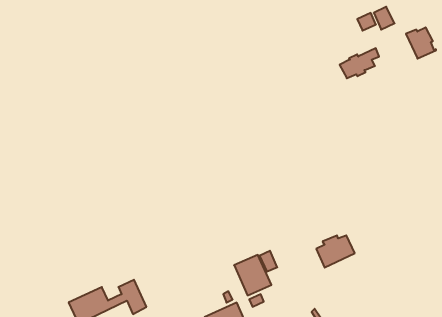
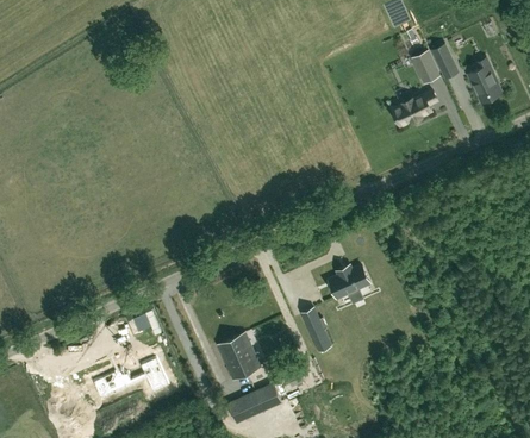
building: [316,235,355,268] -> [328,264,372,301]
building: [234,255,271,295] -> [218,333,261,380]

